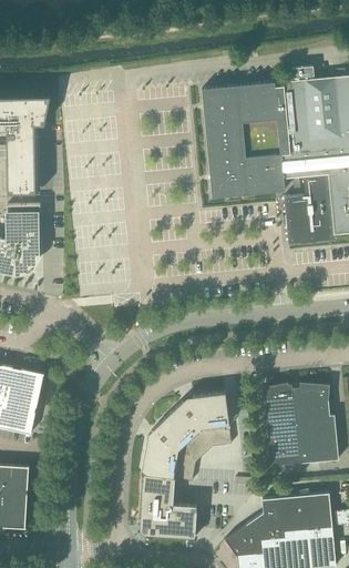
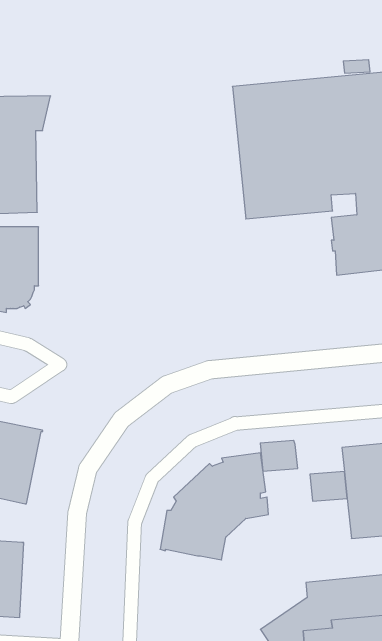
building: [264,385,295,410] -> [260,440,298,471]
building: [268,430,300,466] -> none
building: [138,473,197,539] -> none

